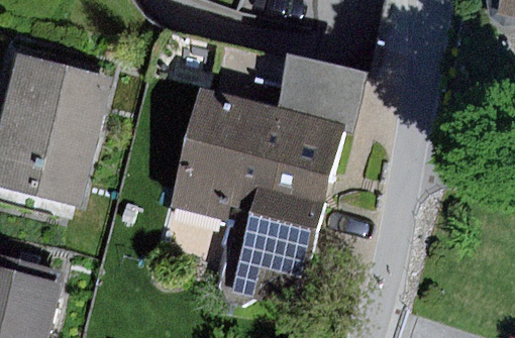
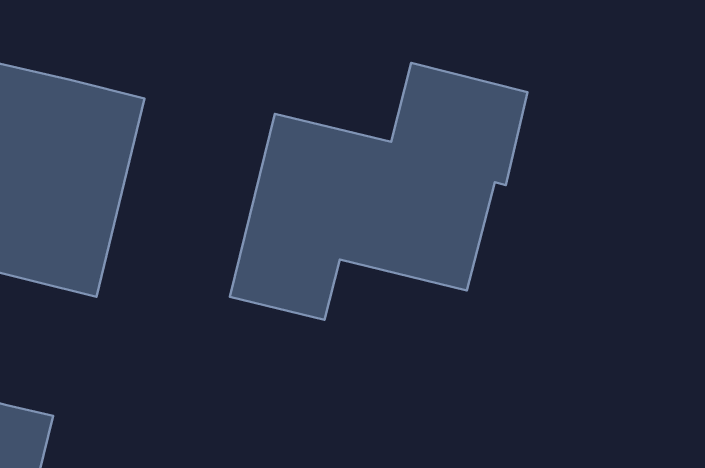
building: [215,182,324,300] -> none

